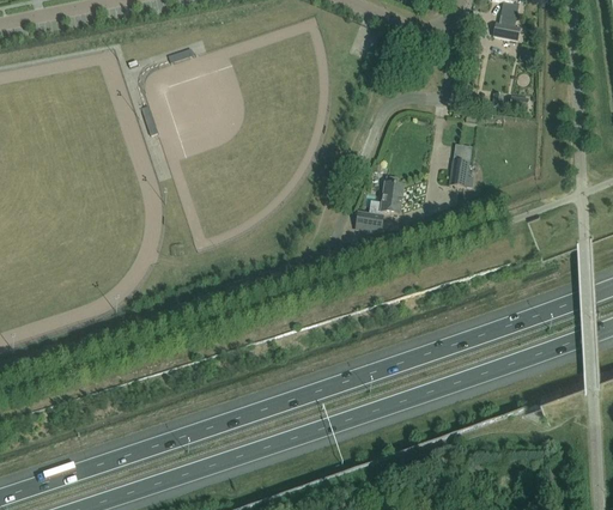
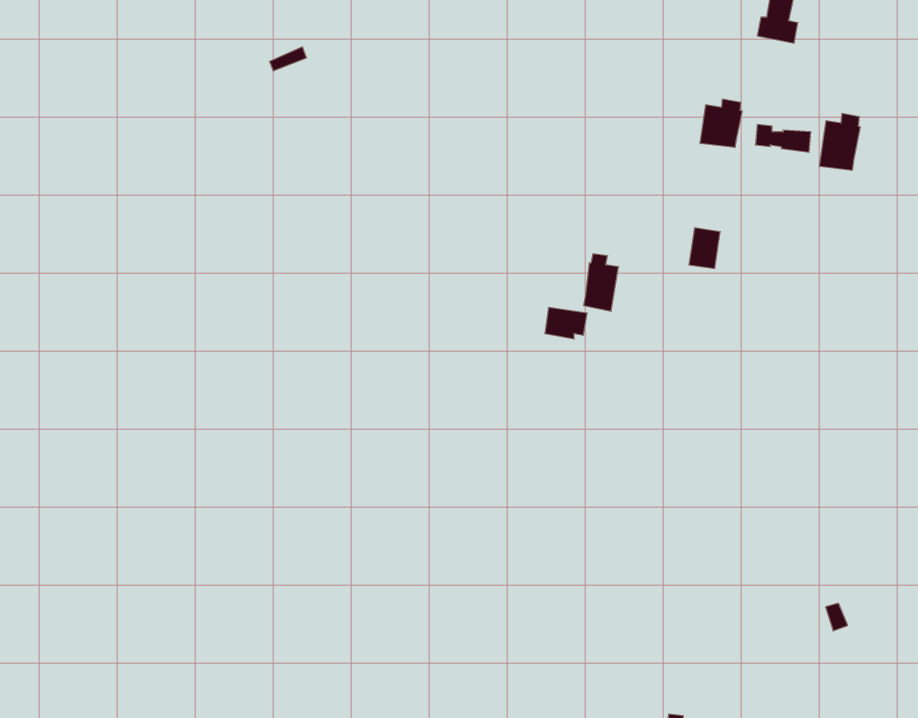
building: none -> [700,99,742,148]
building: none -> [820,113,860,170]

